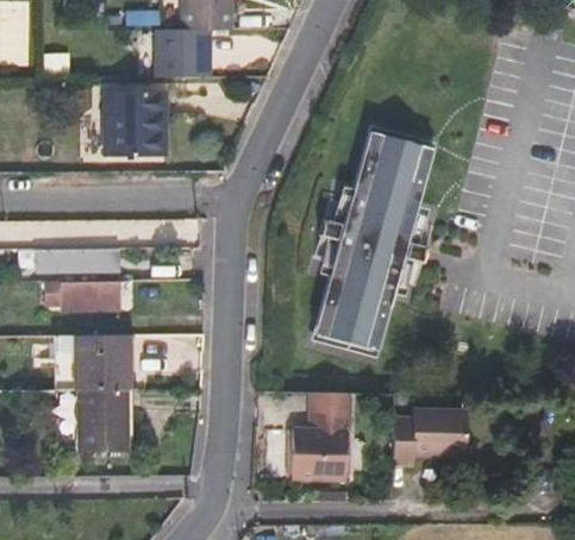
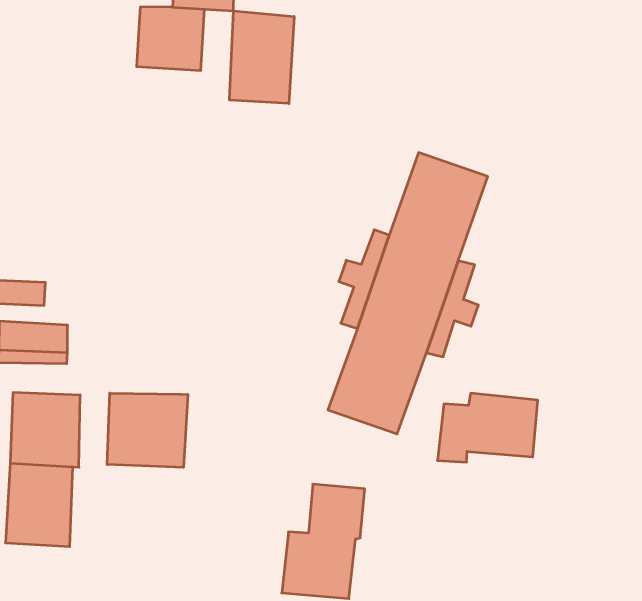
building: none -> [230,11,294,104]
building: [104,92,163,155] -> none
building: none -> [107,393,188,467]
building: [393,410,468,464] -> [437,393,538,462]

